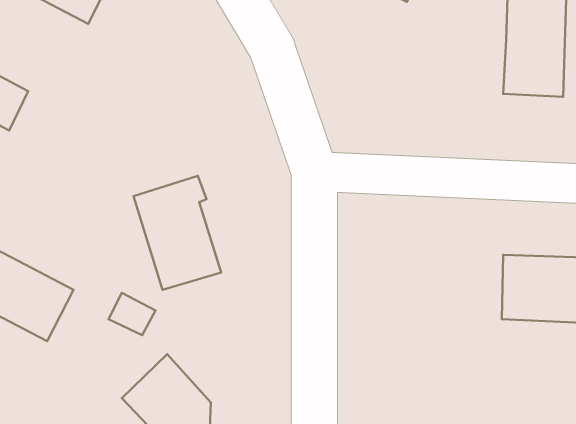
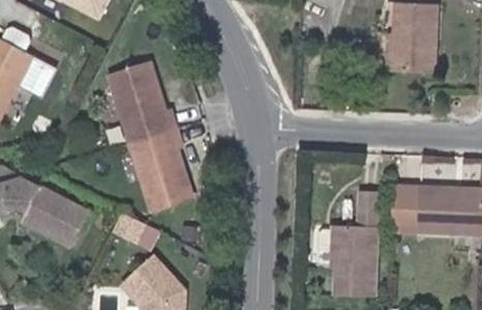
building: none -> [109,64,176,144]
building: none -> [317,193,379,297]

